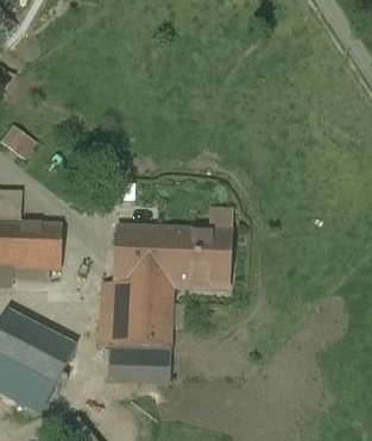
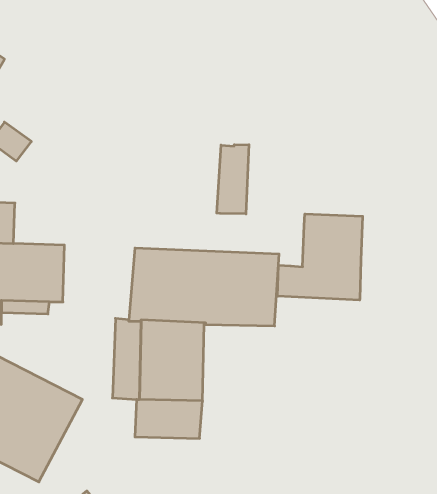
building: none -> [217,145,249,214]
building: none -> [278,214,363,300]

